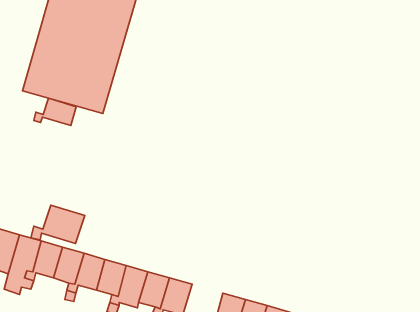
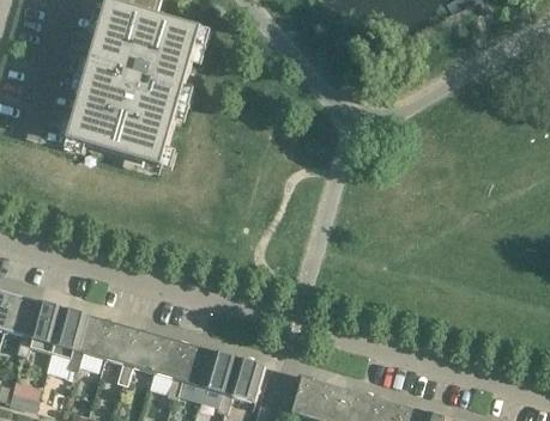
building: [34,98,76,125] -> none
building: [31,205,85,243] -> none

